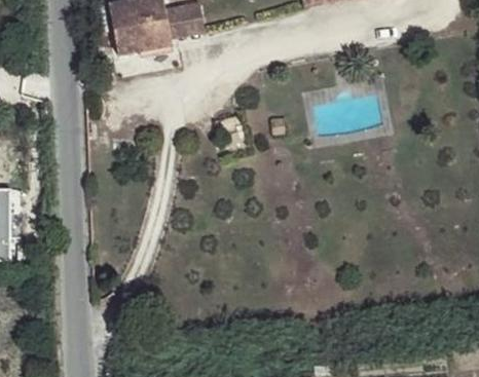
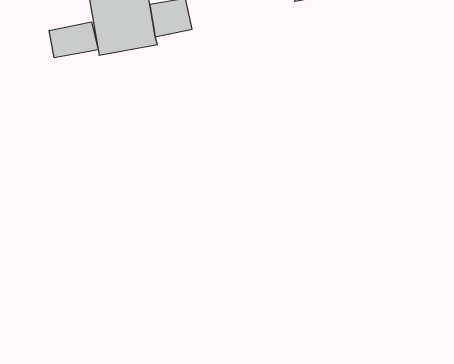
building: none -> [49,22,98,58]

